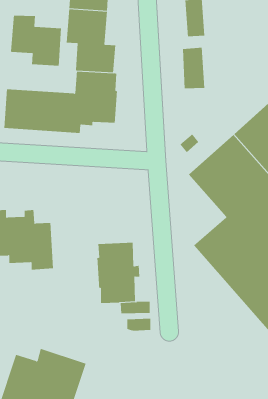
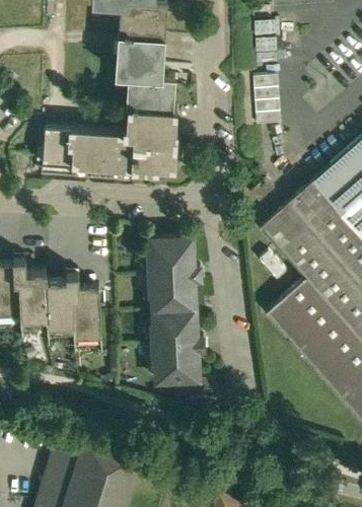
building: [10,15,62,66] -> none
building: none -> [149,238,201,311]

